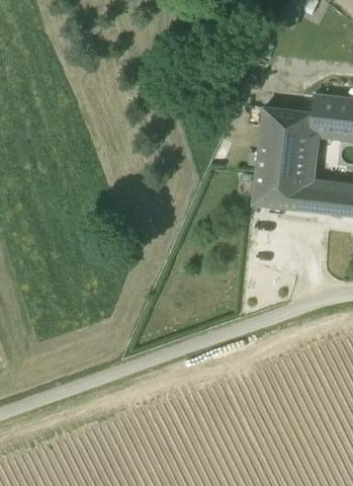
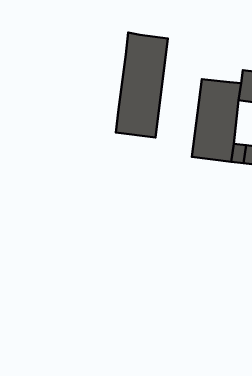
building: none -> [116,33,168,137]

